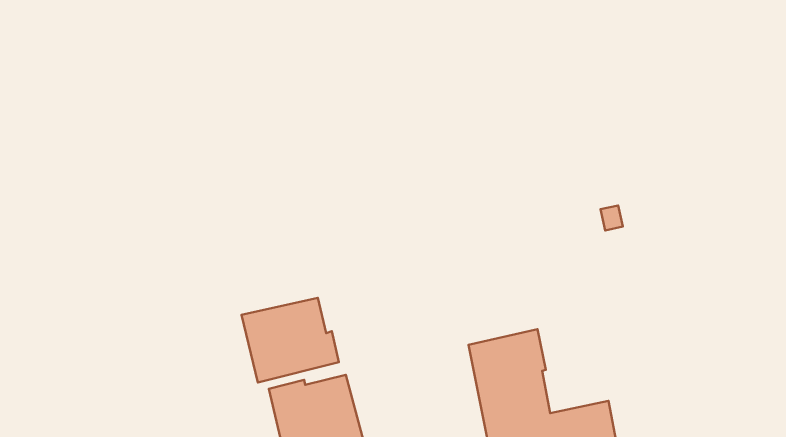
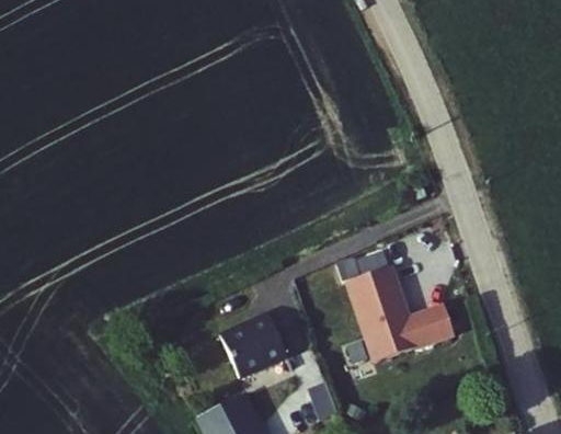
building: [242,298,339,382] -> none

